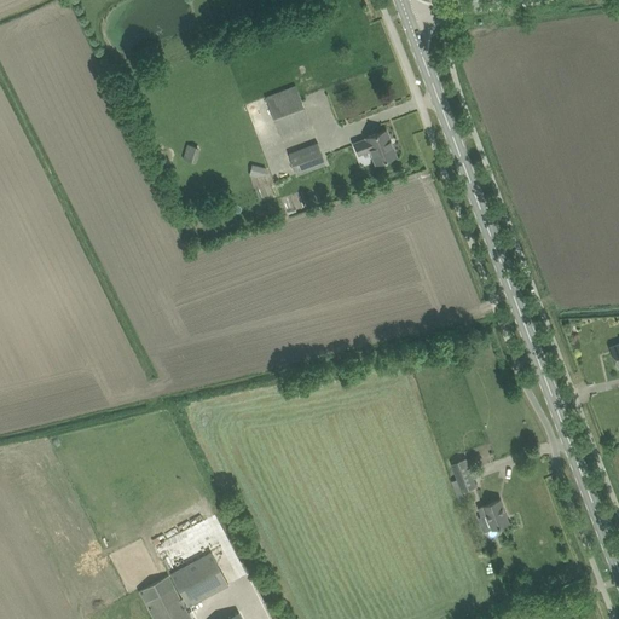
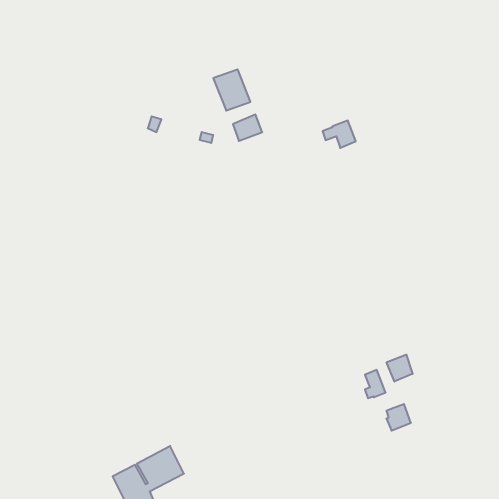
building: [353,131,394,164] -> [323,121,356,148]
building: none -> [387,355,413,382]

